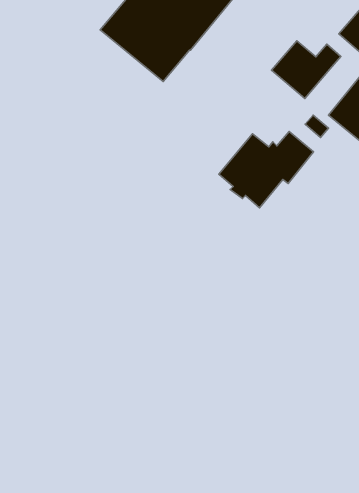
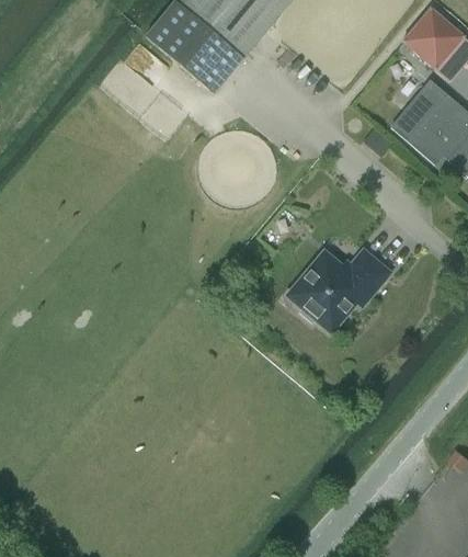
building: [272,41,341,99] -> none
building: [219,132,313,208] -> [288,249,390,331]

